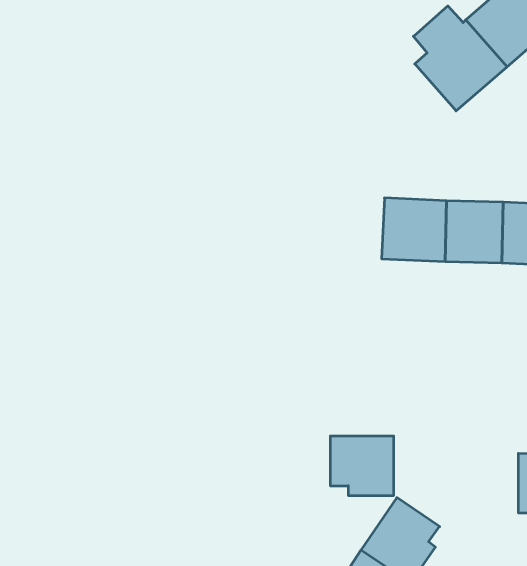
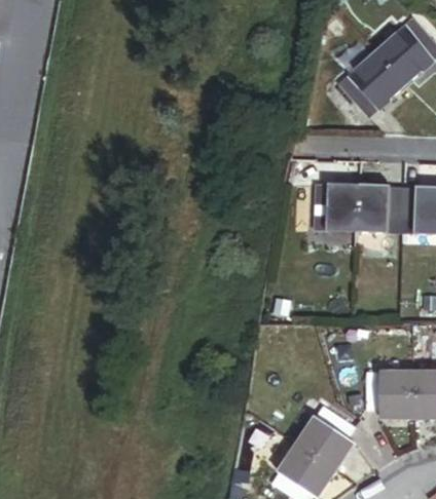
building: [330,436,394,495] -> [367,372,414,416]

